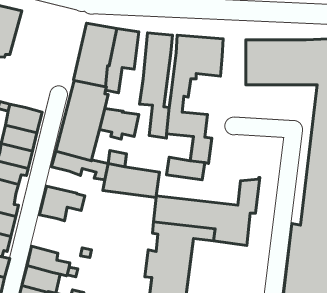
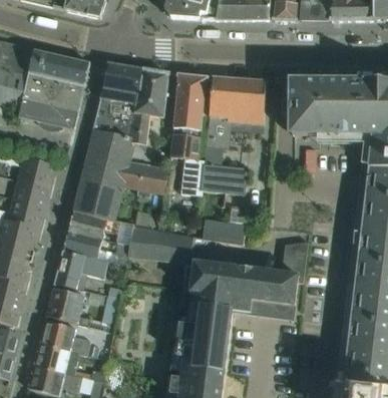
building: none -> [14,49,90,129]
building: none -> [62,232,129,266]
building: none -> [46,288,88,326]

